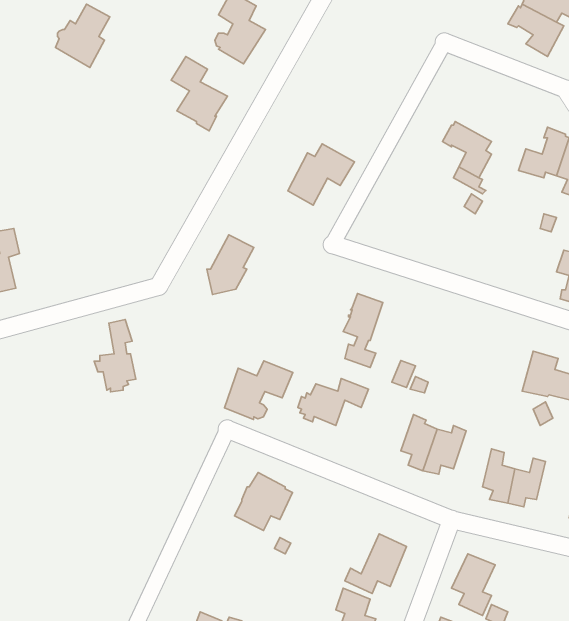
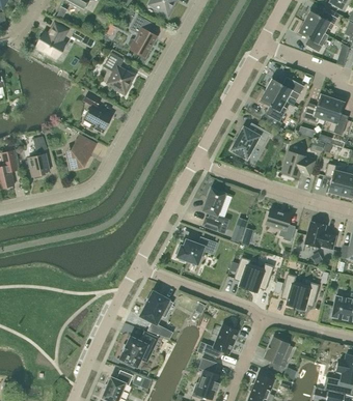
building: none -> [267,78,304,102]
building: none -> [84,93,113,134]
building: [288,144,355,205] -> [233,123,271,159]
building: none -> [282,151,314,178]
building: [207,235,254,295] -> [67,136,94,170]
building: [94,319,136,392] -> [26,137,50,178]
building: none -> [266,209,296,241]
building: [224,361,293,420] -> none
building: none -> [119,332,158,368]

